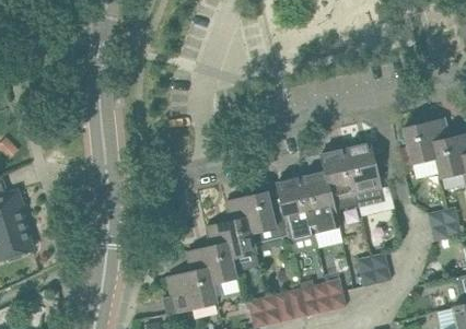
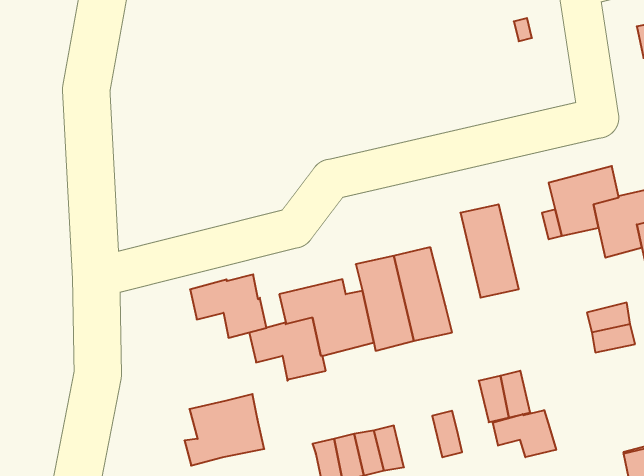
building: [321,149,358,210] -> none
building: [186,243,236,284] -> [190,274,267,338]
building: none -> [493,410,556,457]
building: [300,281,333,316] -> none

